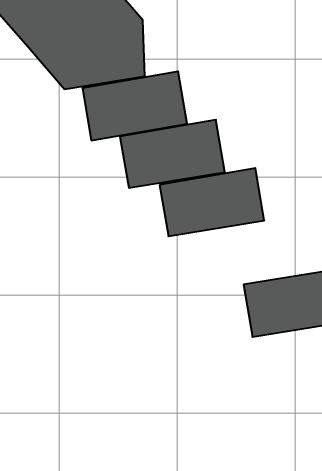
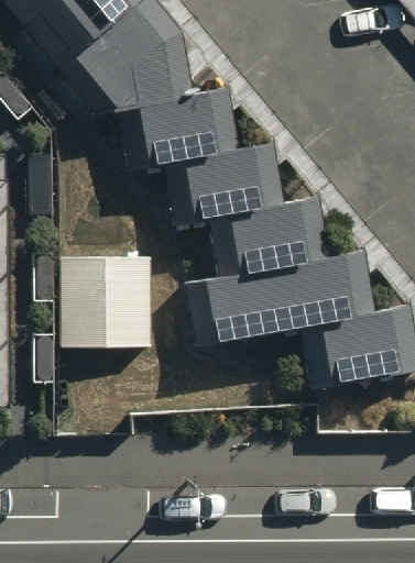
building: none -> [192,254,369,343]
building: none -> [61,261,143,346]

